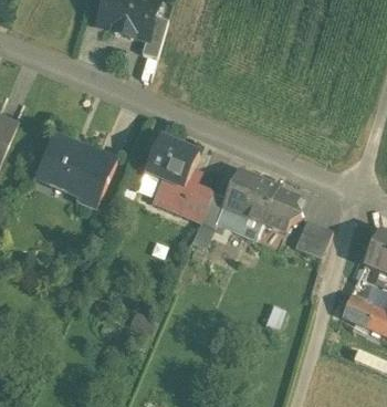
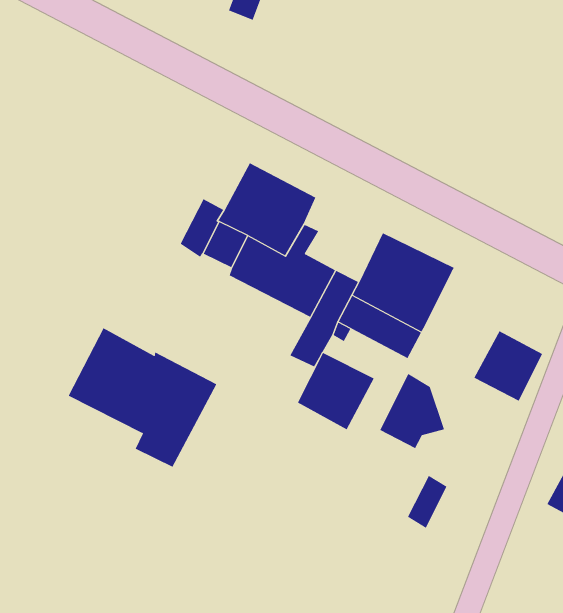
building: [34,132,117,207] -> [68,328,217,468]
building: [265,188,302,230] -> [380,373,445,449]
building: none -> [297,352,375,430]

